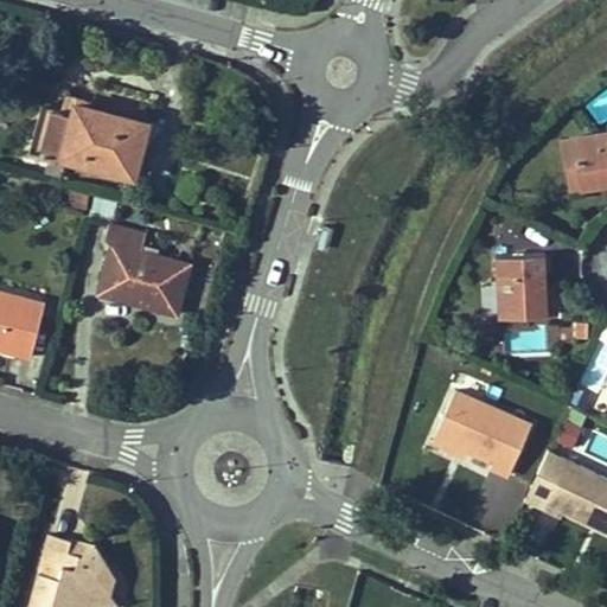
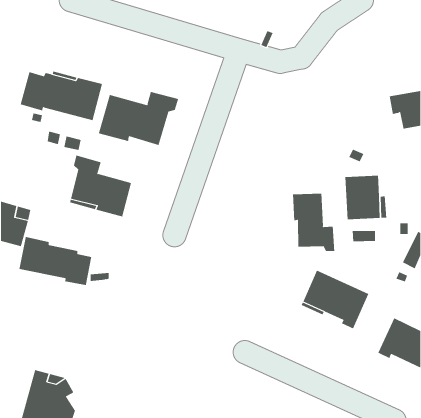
building: none -> [98,91,179,146]
building: none -> [292,193,335,252]
building: none -> [19,236,92,286]

